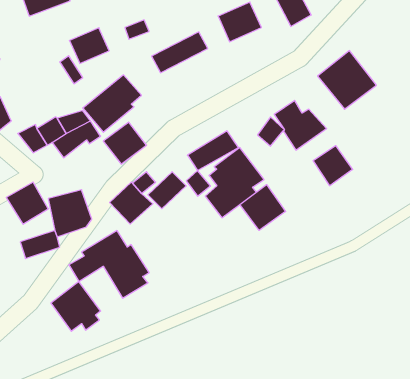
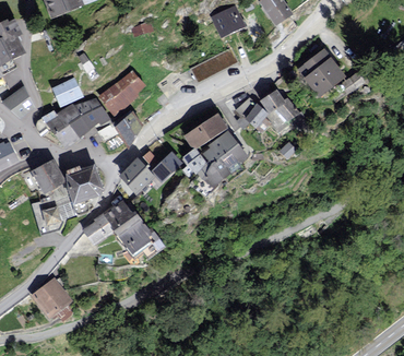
building: [69,28,109,63] -> [50,76,84,107]
building: [152,32,208,73] -> [189,47,237,82]
building: [313,146,353,186] -> none
building: [240,185,286,230] -> none
building: [51,282,101,331] -> [31,277,73,320]

